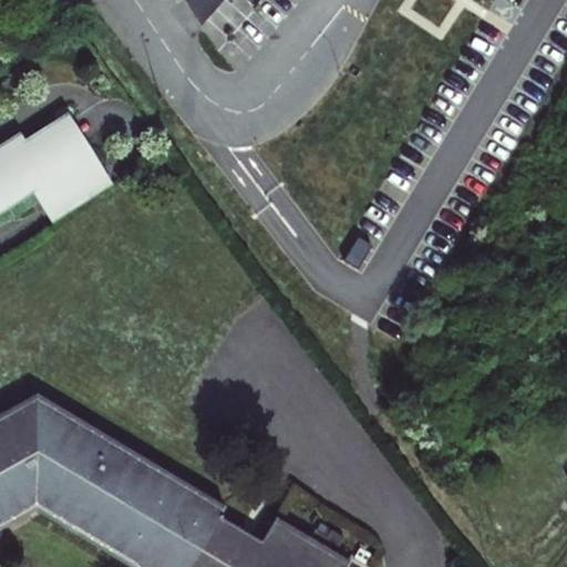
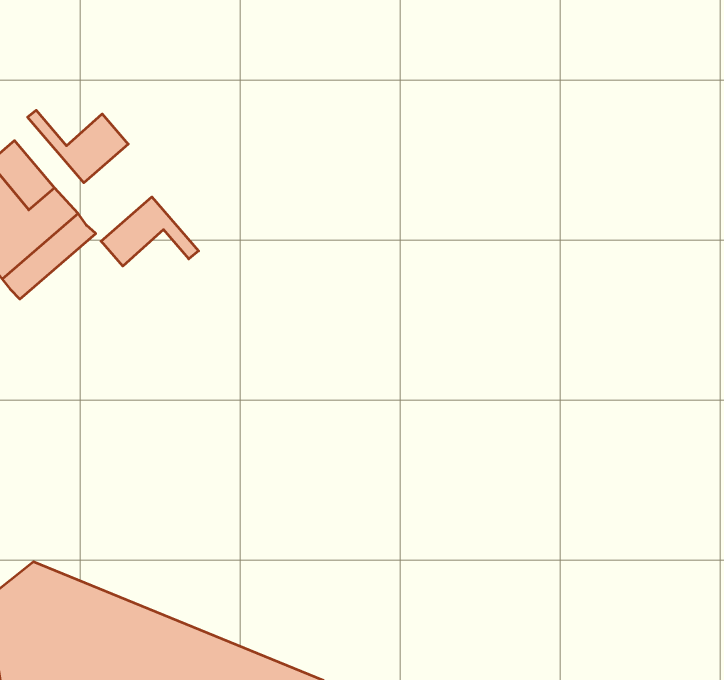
building: none -> [28,110,128,183]
building: none -> [101,197,199,266]

